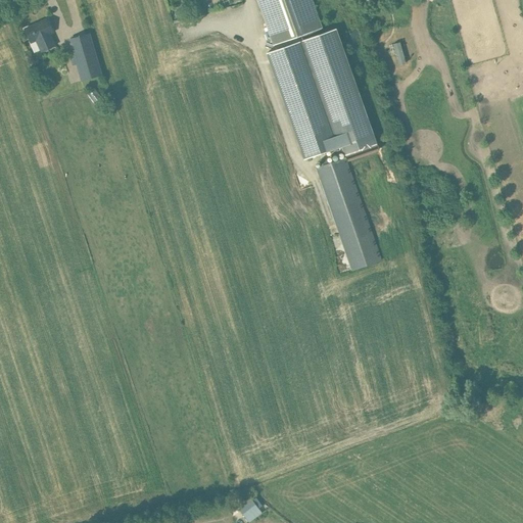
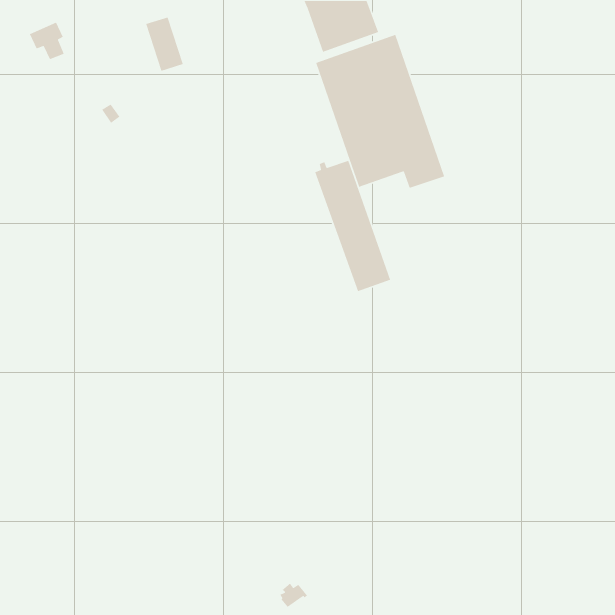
building: [69,33,102,80] -> [145,16,184,72]
building: [316,158,381,271] -> [314,160,391,292]

